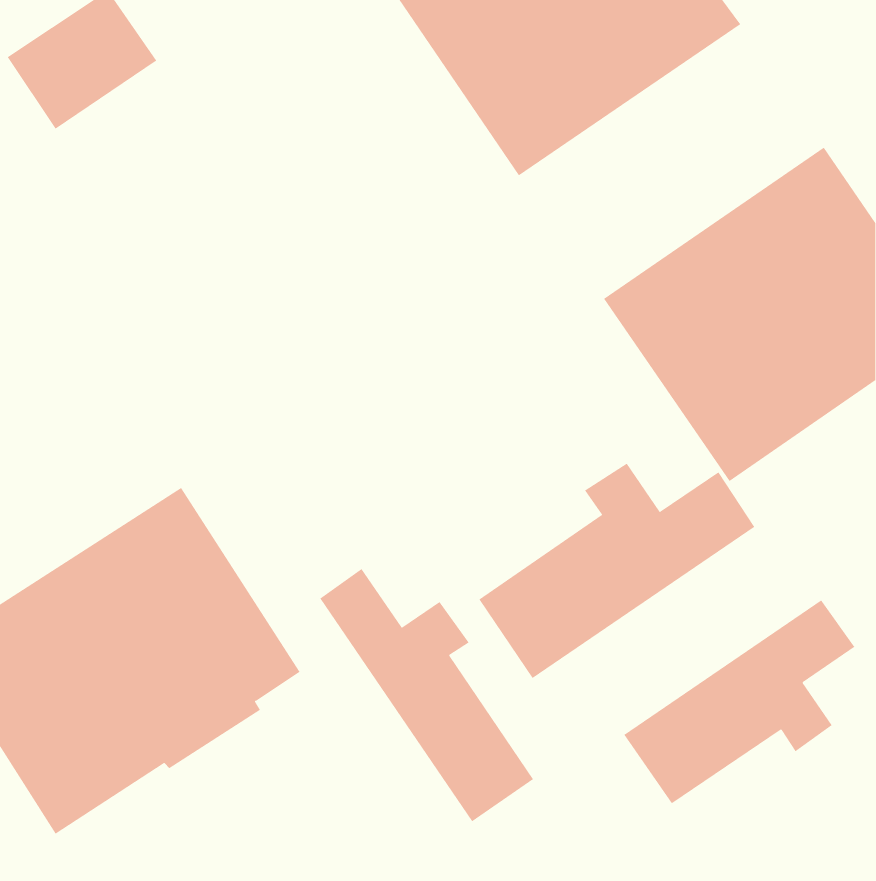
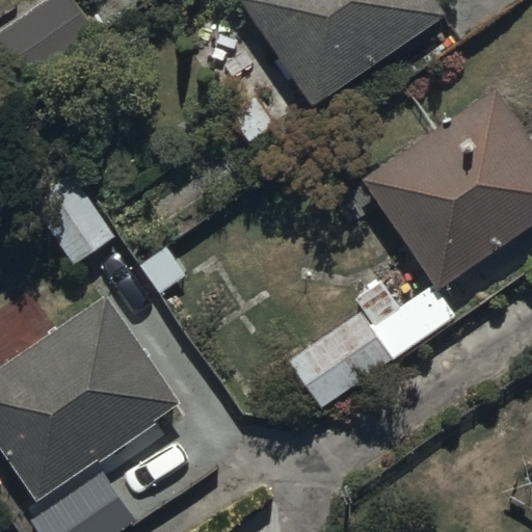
building: [320,568,534,822] -> none
building: [624,600,855,804] -> none

